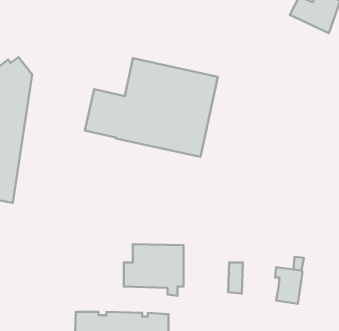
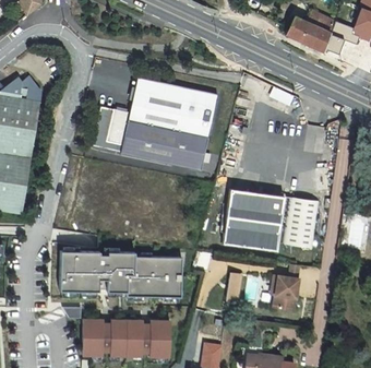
building: none -> [223,189,284,251]
building: none -> [283,192,320,248]
building: none -> [59,251,136,290]

